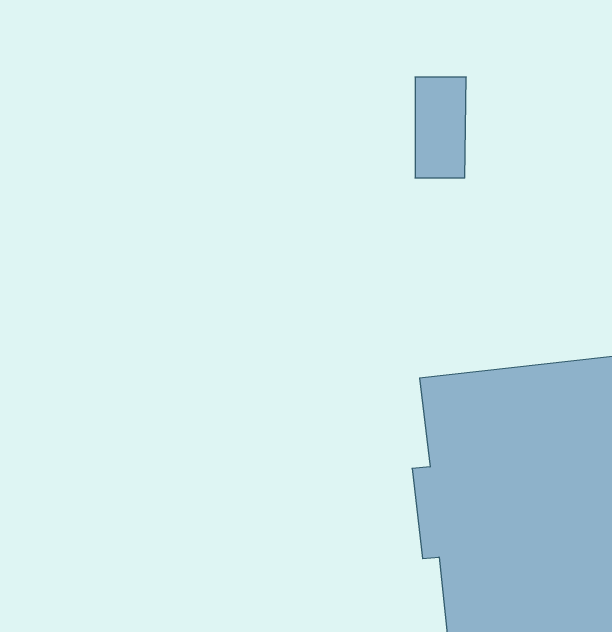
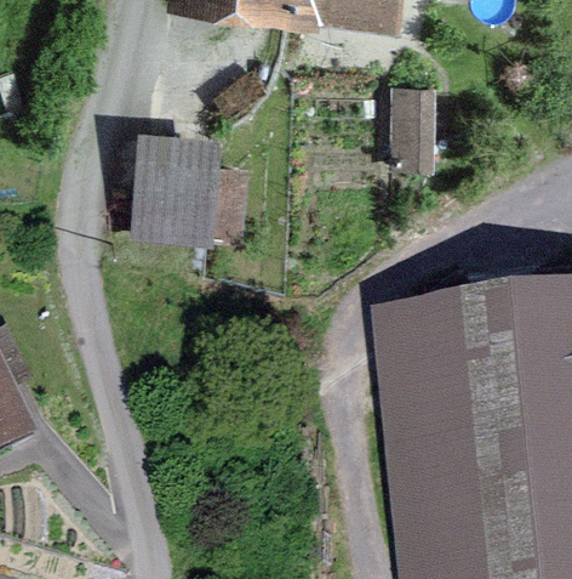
building: none -> [138,143,241,235]

